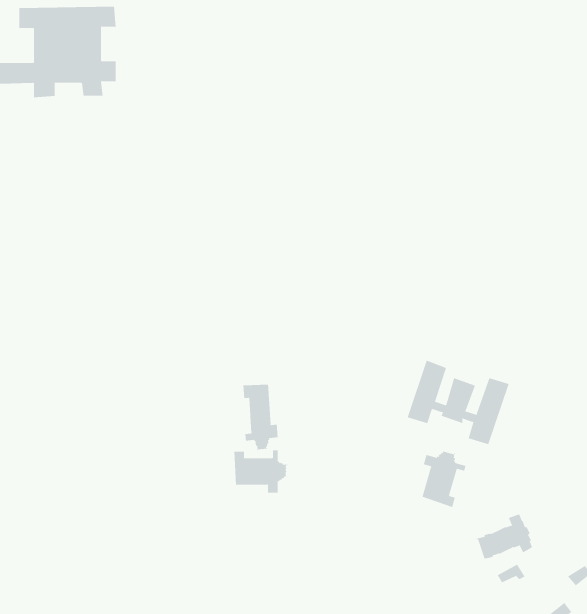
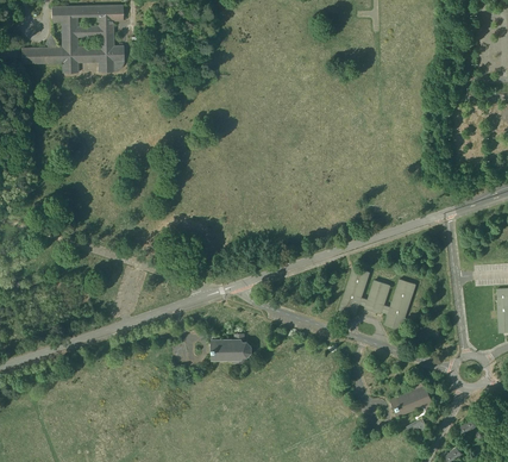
building: [243,384,278,452] -> none
building: [422,449,466,508] -> none

